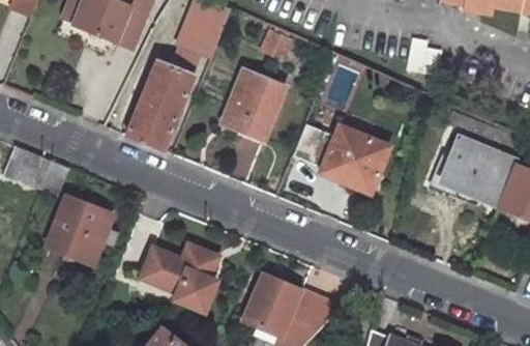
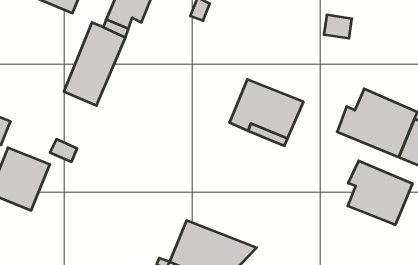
building: [228,70,286,140] -> none
building: none -> [348,161,412,225]
building: [144,247,218,313] -> none

